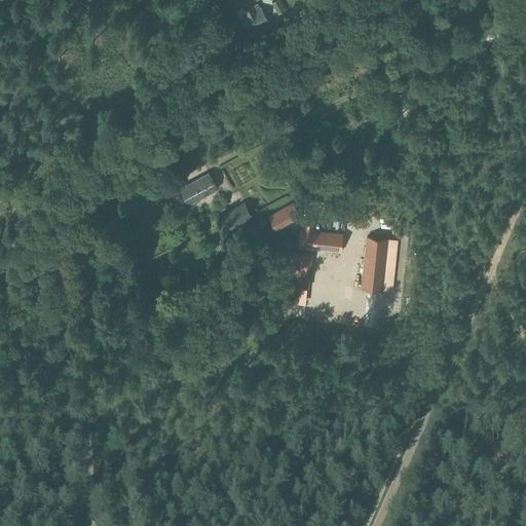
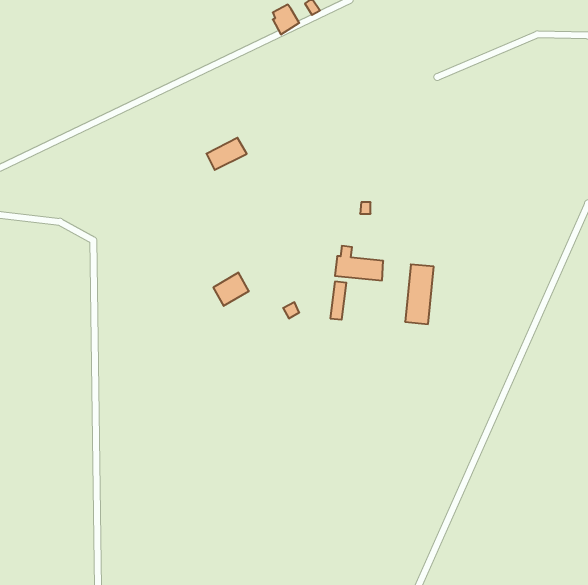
building: [181,176,217,204] -> [206,138,247,170]
building: [223,202,255,232] -> [213,273,249,306]
building: [270,204,302,231] -> none

